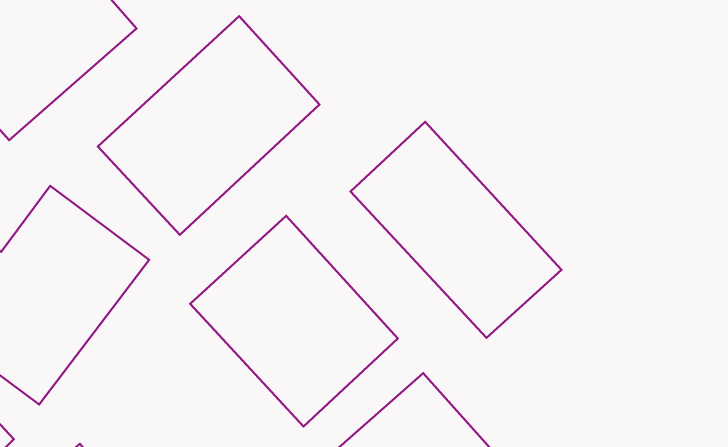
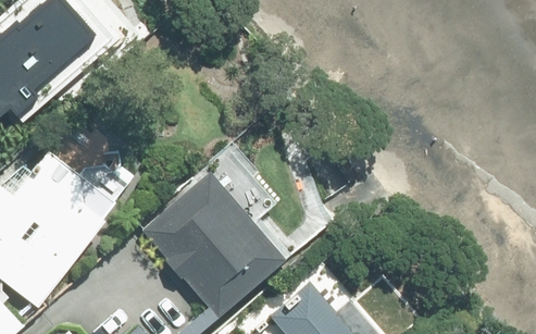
building: [98,16,320,235] -> none
building: [350,122,562,338] -> none

